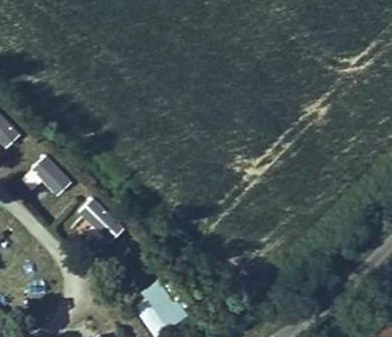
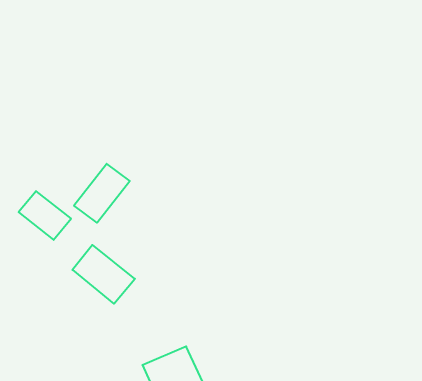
building: none -> [74,164,130,223]

